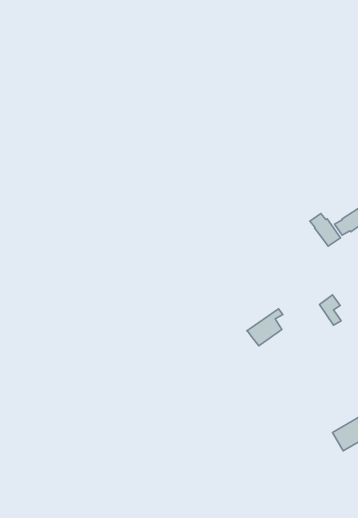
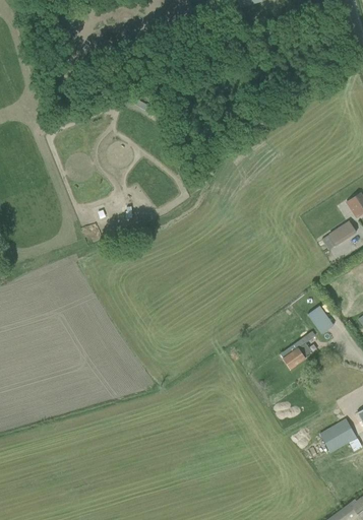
building: [310,214,341,246] -> none
building: [247,309,283,346] -> [280,333,313,368]

